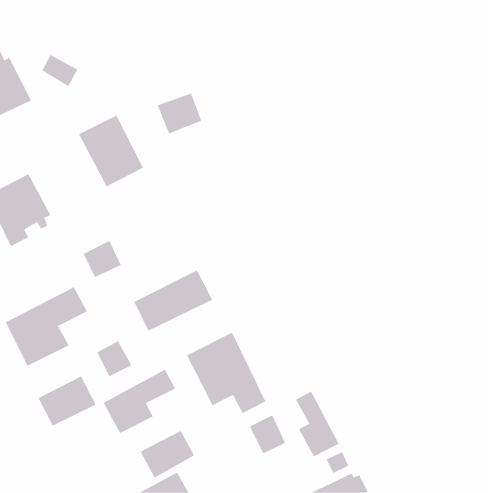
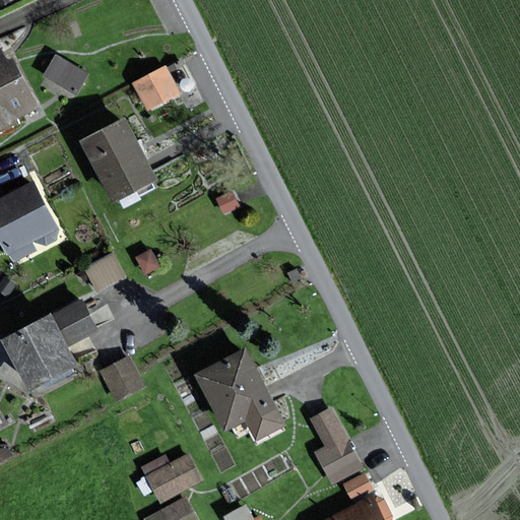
building: [157,93,202,134] -> [130,61,178,105]
building: [133,270,213,332] -> none
building: [103,369,176,434] -> none
building: [38,376,97,427] -> none
building: [249,414,286,454] -> none

